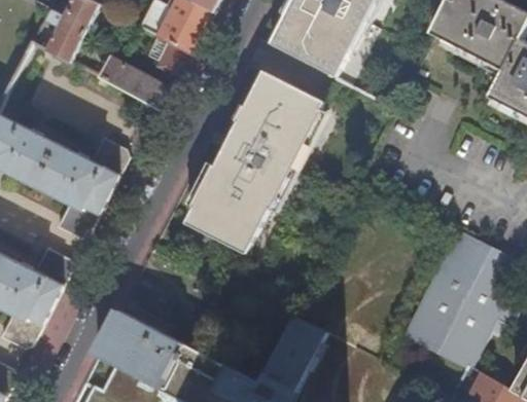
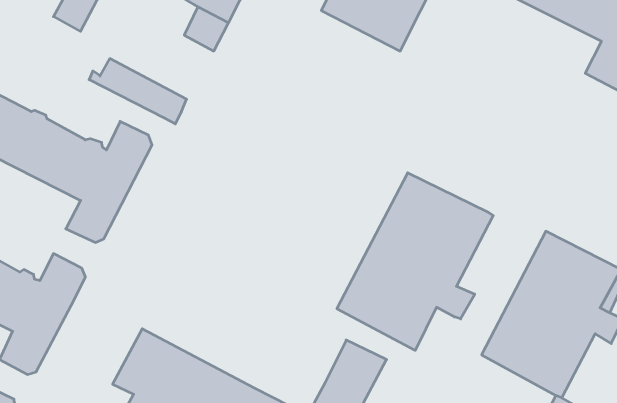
building: [91,58,172,112] -> [89,59,187,124]
building: [186,72,324,255] -> none
building: none -> [337,173,493,350]

